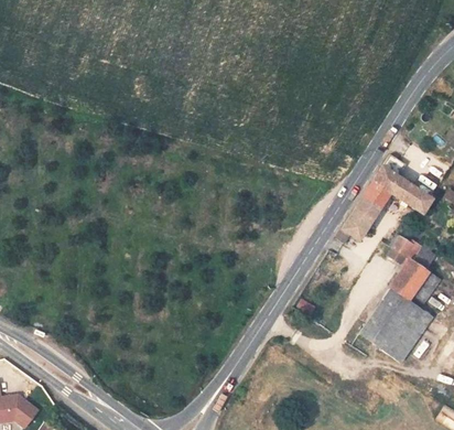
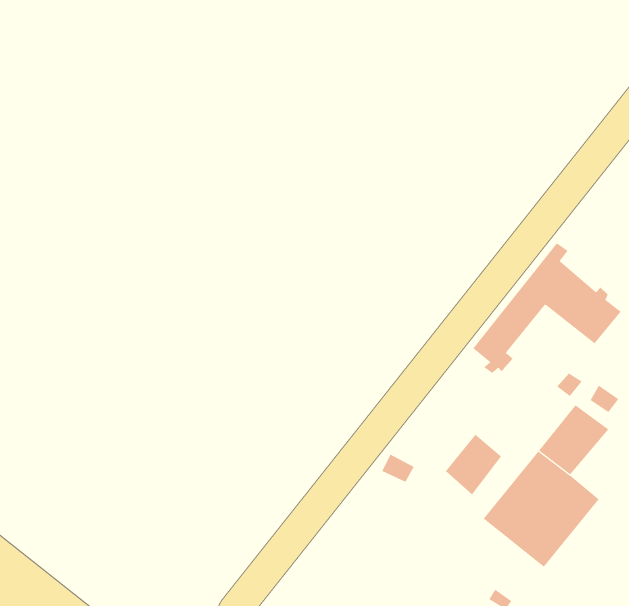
building: none -> [445,434,502,495]

